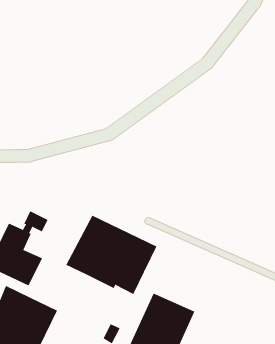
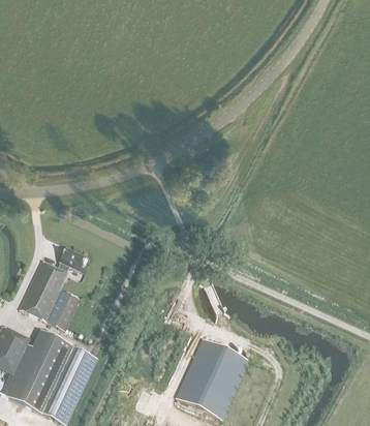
building: [65,215,157,295] -> none

